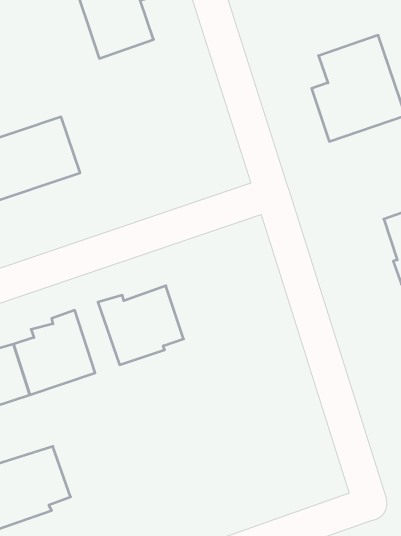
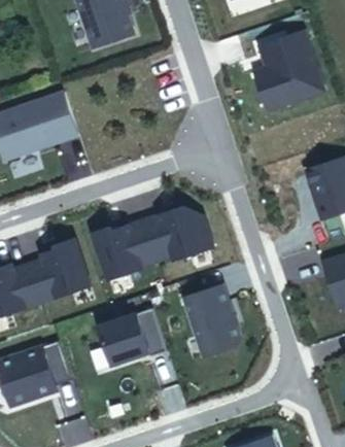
building: none -> [143,207,213,261]
building: none -> [183,285,240,356]
building: none -> [99,309,167,365]

